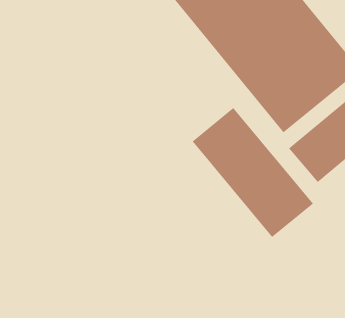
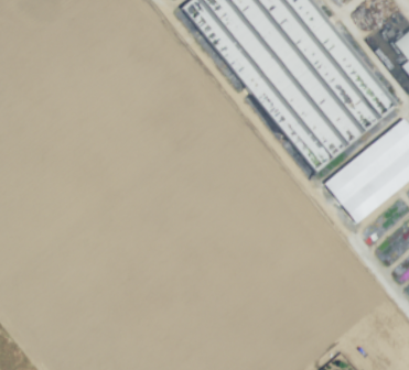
building: [192,107,314,238] -> none

